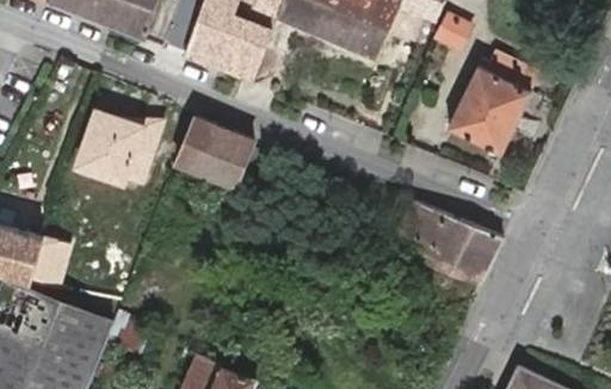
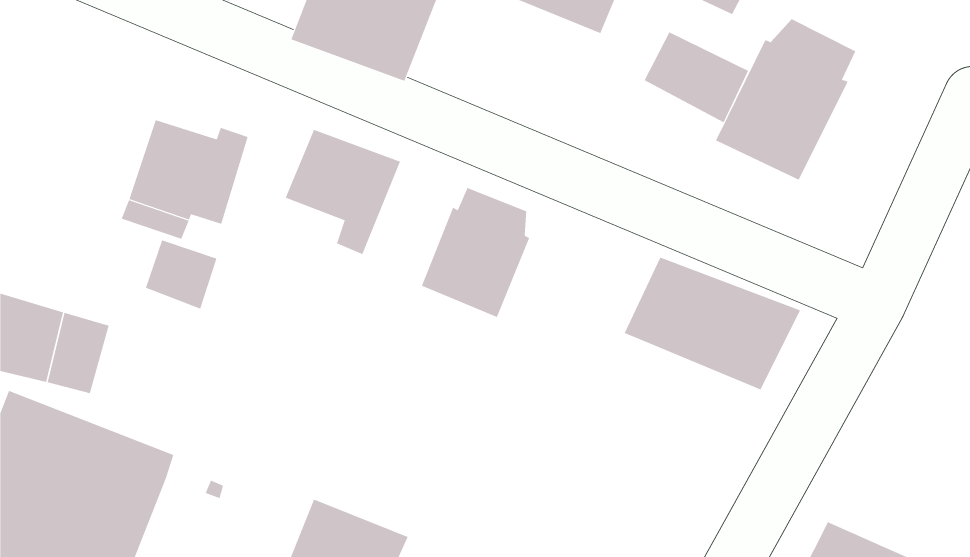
building: none -> [644,32,749,123]
building: none -> [421,187,530,318]
building: none -> [145,240,217,309]

